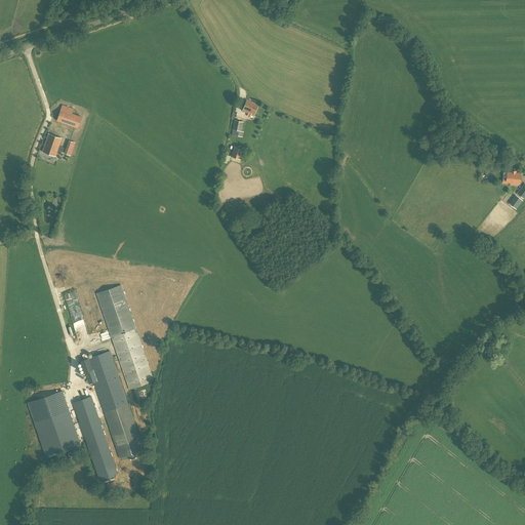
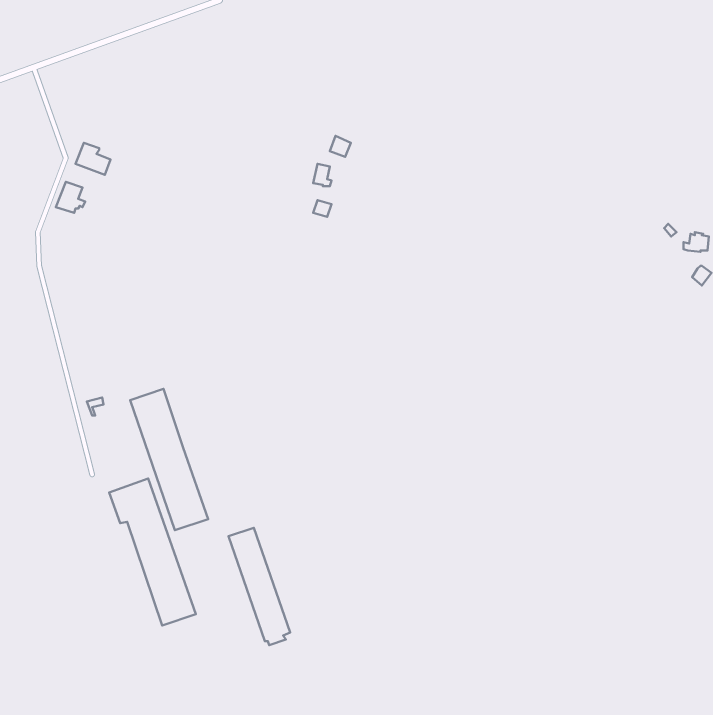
building: [27,391,80,457] -> none
building: [72,396,117,482] -> [229,528,290,645]

